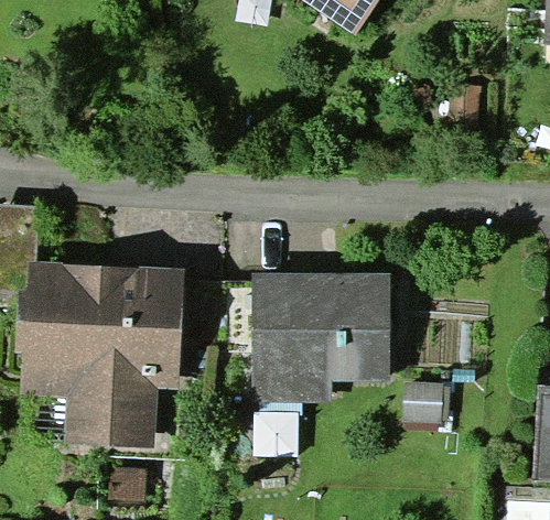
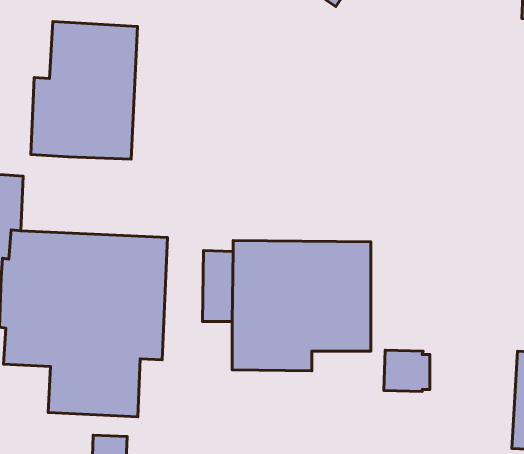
building: none -> [31,22,138,159]

